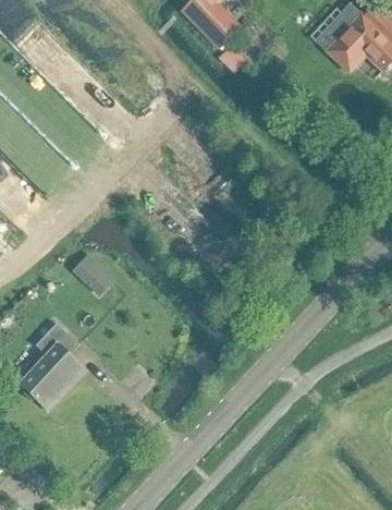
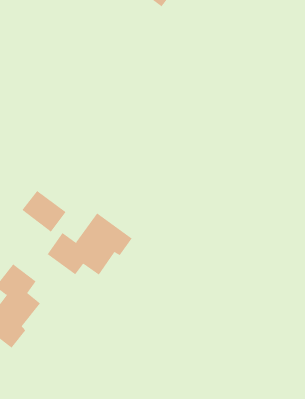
building: none -> [47,212,132,275]

